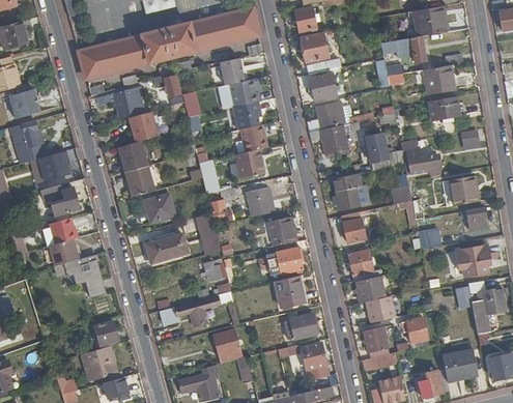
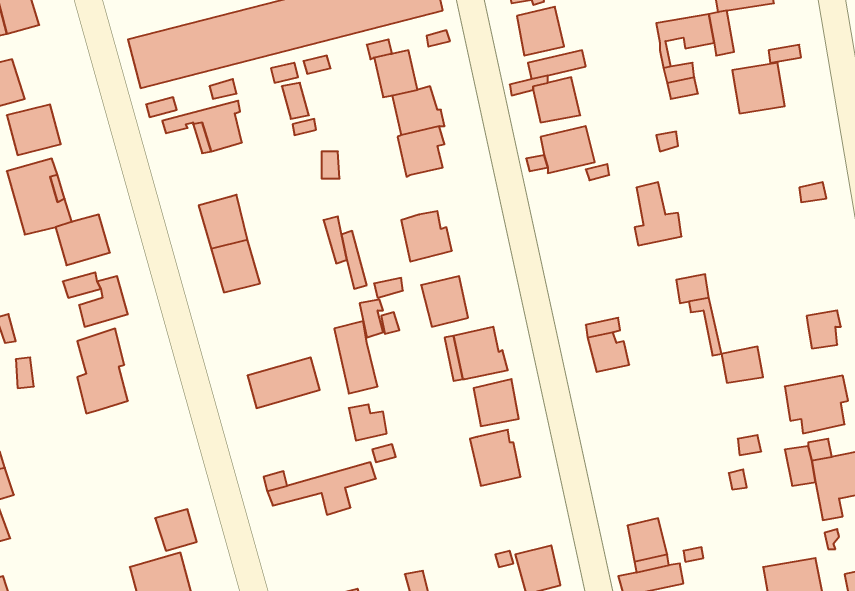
building: [429,97,459,119] -> none
building: [131,112,159,142] -> none
building: [240,124,267,152] -> none
building: [309,128,343,152] -> none
building: [400,139,440,178] -> none
building: [333,173,361,209] -> none
building: [451,176,477,204] -> none
building: [143,193,175,223] -> none
building: [347,249,373,276] -> none
building: [62,255,105,298] -> none
building: [355,276,395,322] -> none
building: [283,313,317,341] -> none
building: [406,316,429,342] -> none
building: [215,328,241,361] -> none

